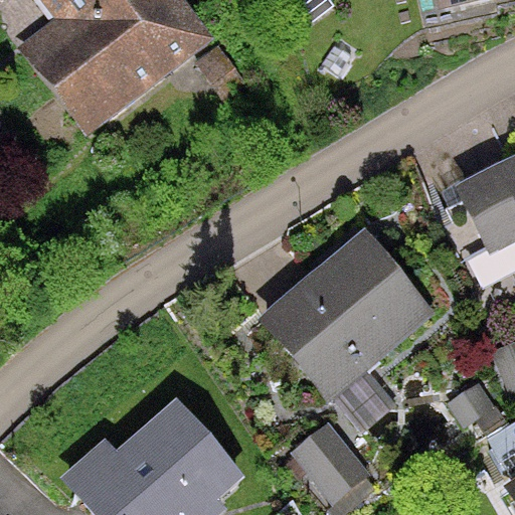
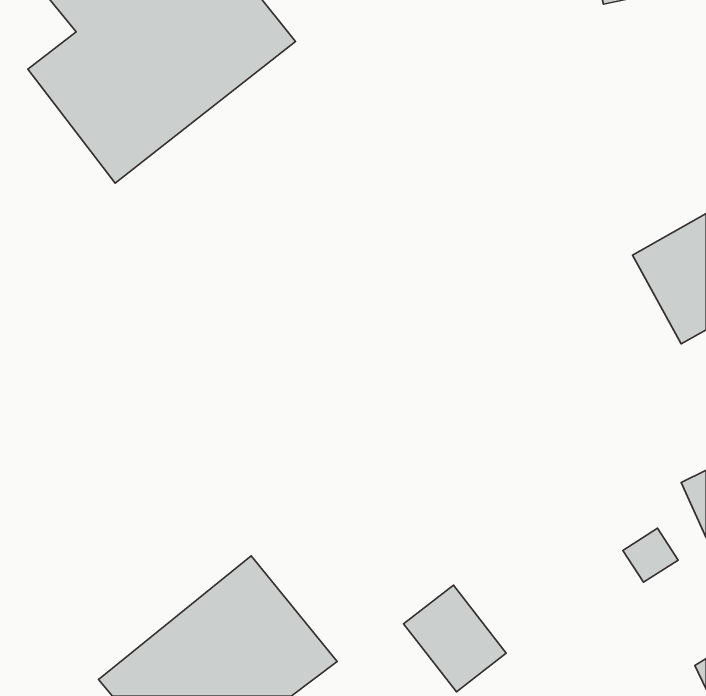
building: [261,230,437,402] -> none

